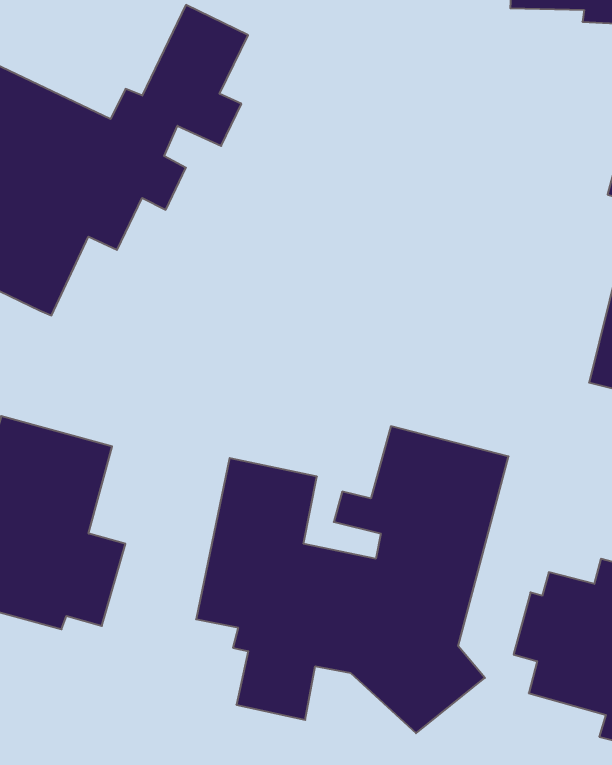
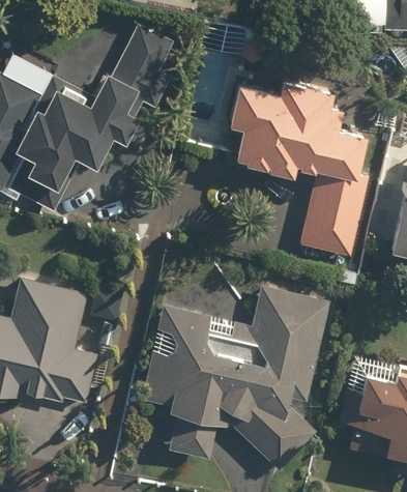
building: none -> [220,80,370,256]

